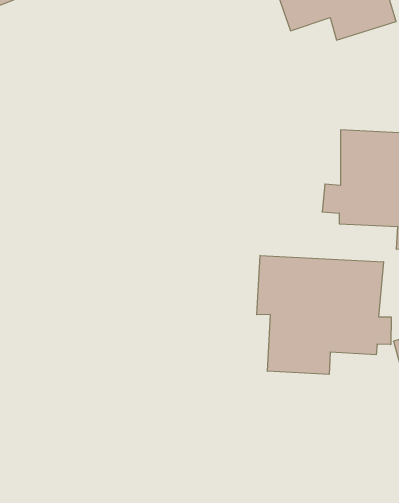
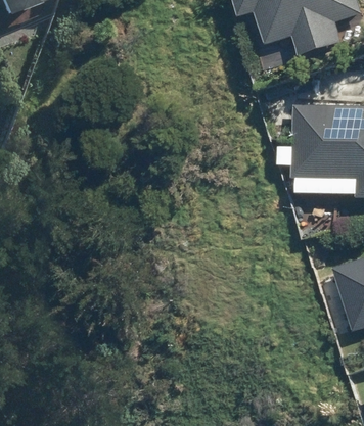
building: [257,255,391,374] -> none

